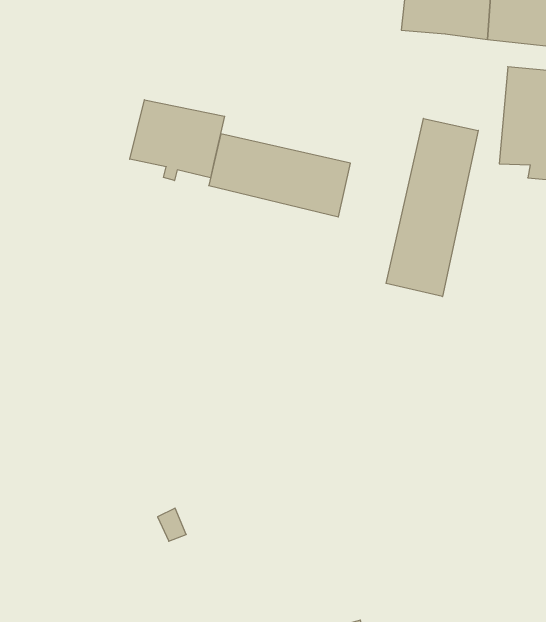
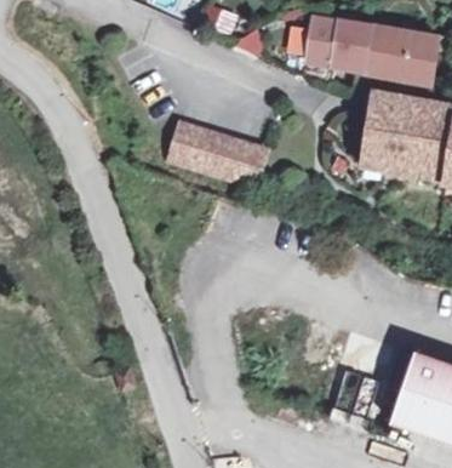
building: [130,100,225,181] -> none
building: [386,118,478,297] -> none

